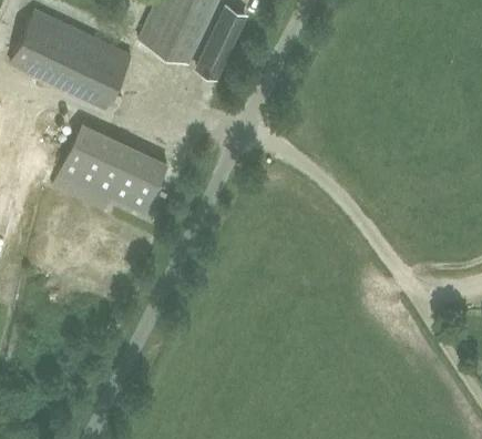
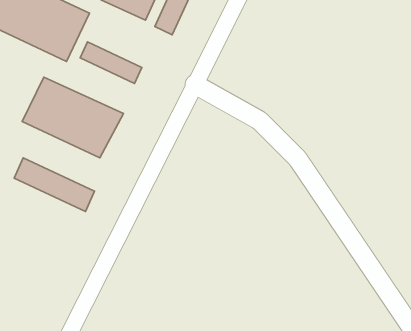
building: none -> [80,42,142,83]
building: none -> [14,158,95,212]

